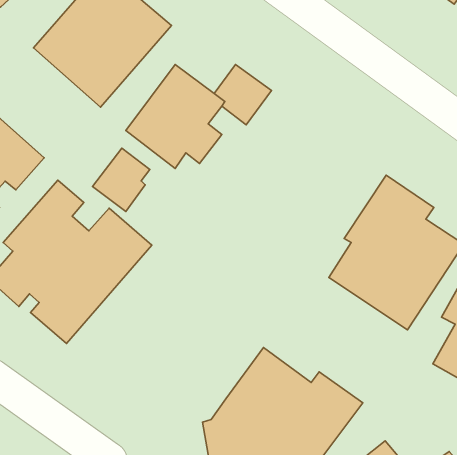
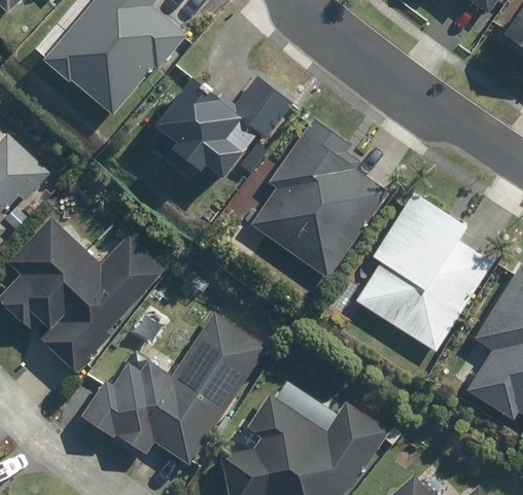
building: none -> [244,120,390,280]
building: [93,148,150,211] -> none
building: none -> [81,311,267,467]

